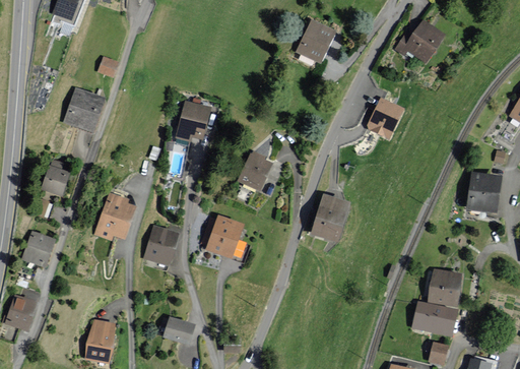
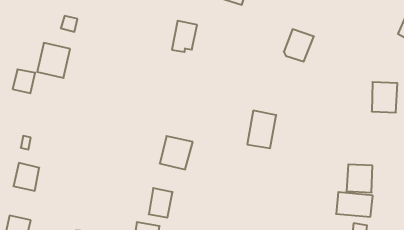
building: [176,102,209,140] -> [172,21,197,52]
building: [237,149,272,191] -> none
building: [40,166,69,196] -> [13,69,35,93]
building: [94,192,136,239] -> none
building: [145,226,177,263] -> [149,188,173,218]

